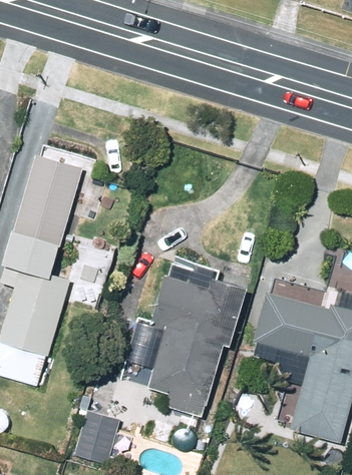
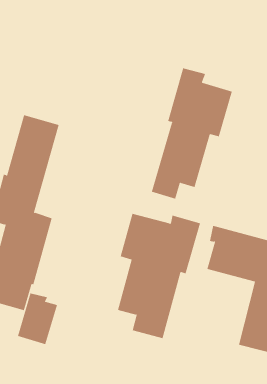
building: none -> [151,67,232,200]
building: [72,406,120,467] -> [17,293,58,345]

